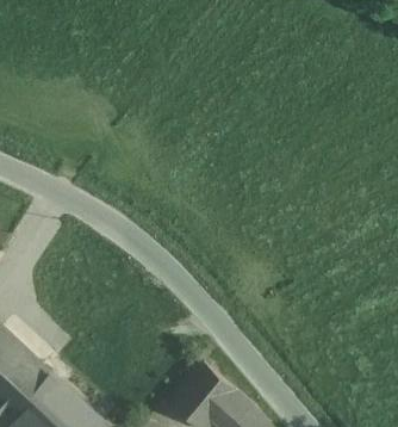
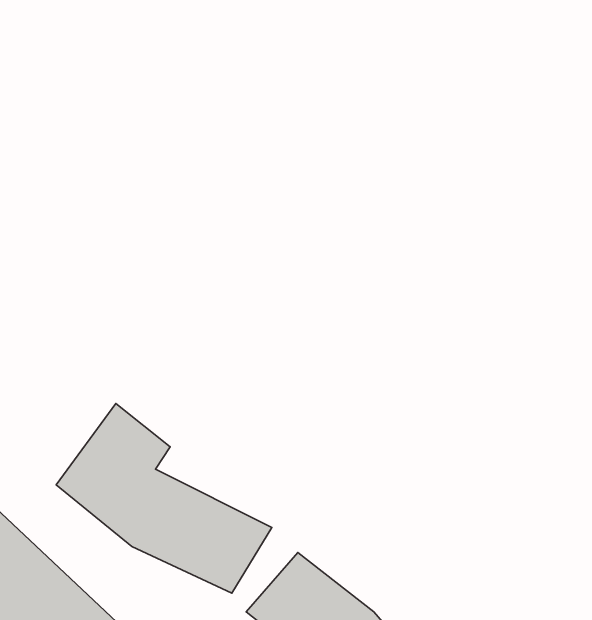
building: none -> [56,403,272,593]

